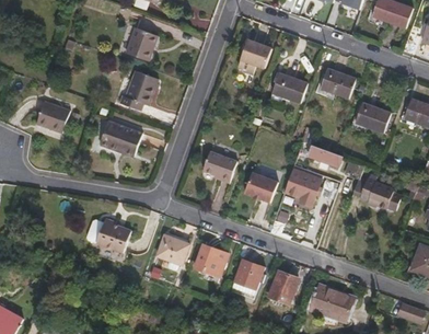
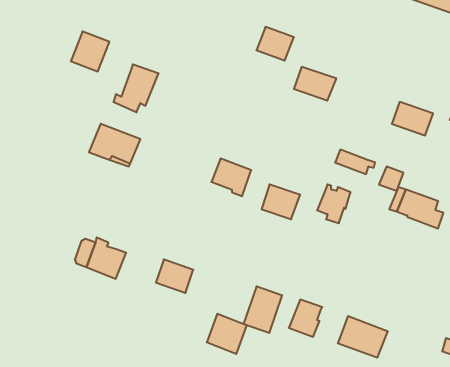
building: [126,27,159,61] -> [71,31,109,71]
building: [321,69,356,97] -> none
building: [36,103,69,135] -> none
building: [193,244,227,278] -> [207,314,247,354]

